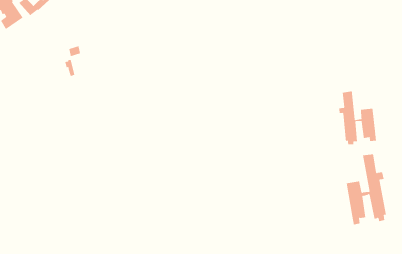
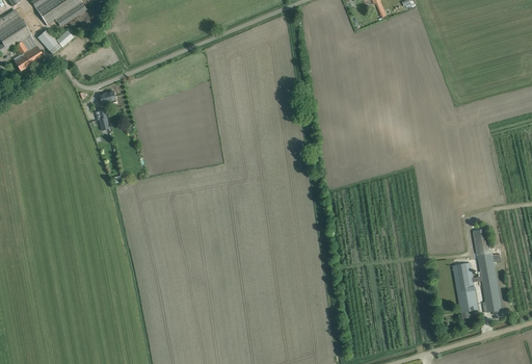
building: [339,91,376,145] -> none

